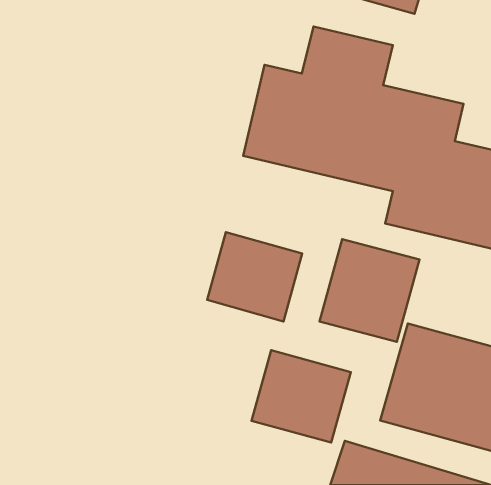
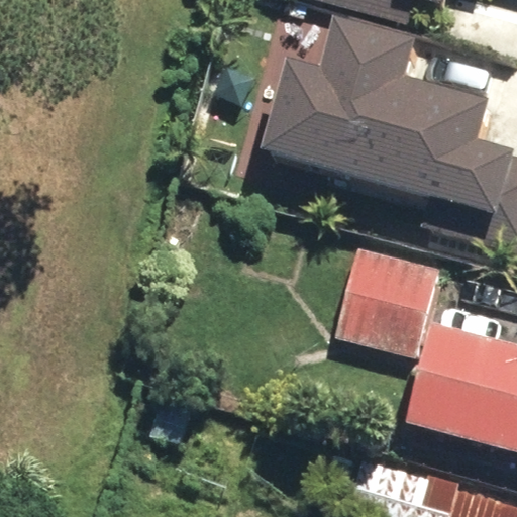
building: [207,232,302,321] -> none
building: [251,350,351,443] -> none

